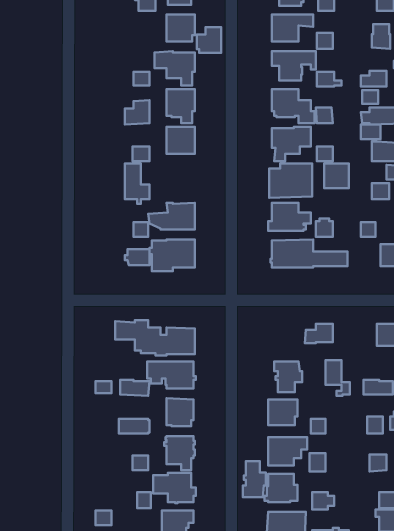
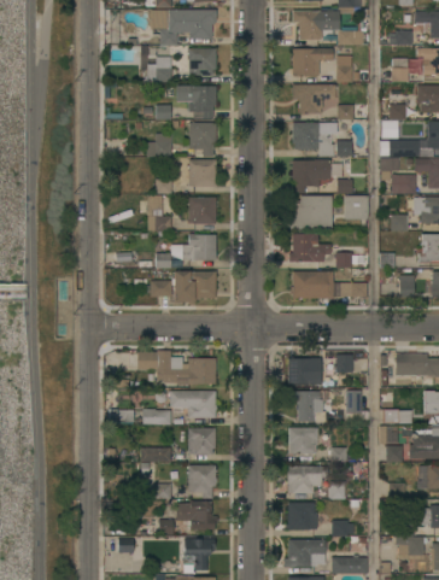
building: [197,27,221,53] -> [147,57,171,82]
building: none -> [187,197,216,223]
building: none -> [286,356,323,388]
building: [243,461,266,497] -> none

